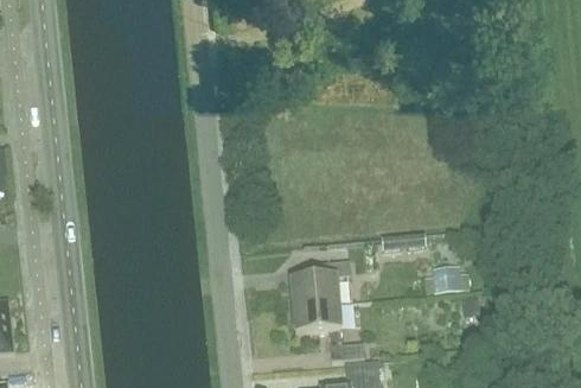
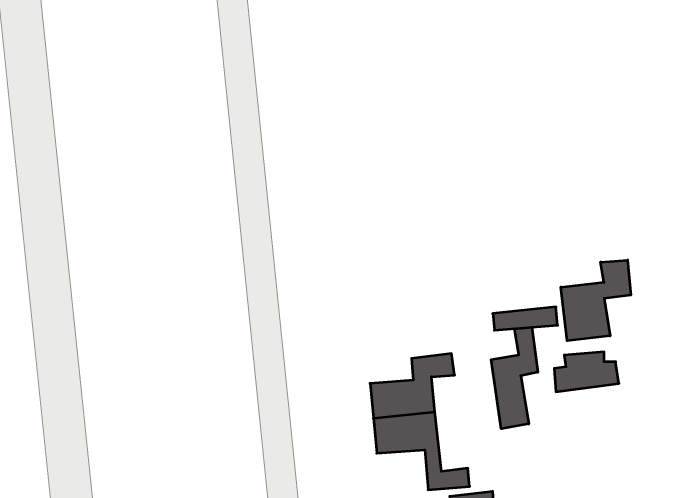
building: none -> [561,260,631,341]
building: none -> [491,327,538,429]

